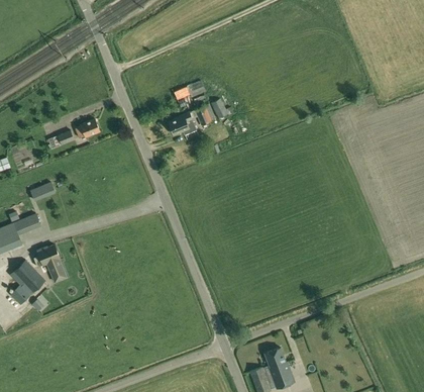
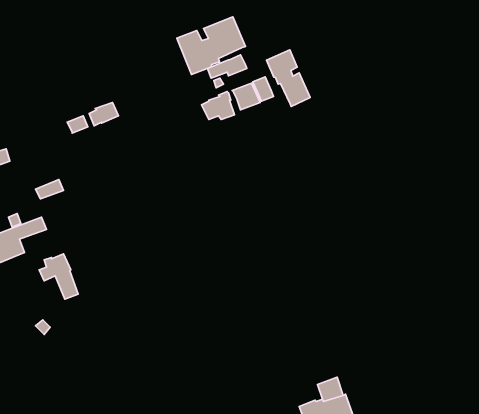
building: none -> [177,17,245,75]
building: none -> [267,50,310,106]
building: [10,259,46,304] -> none

